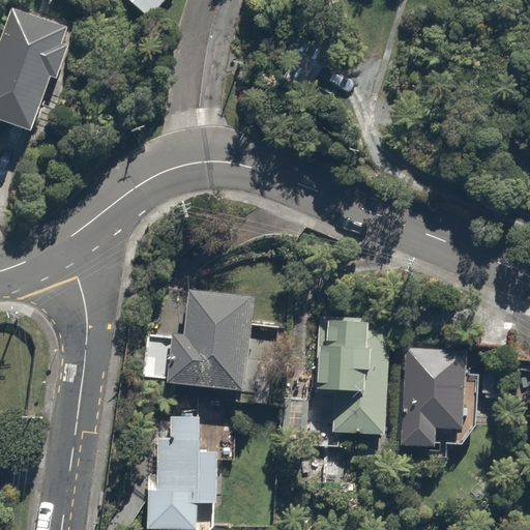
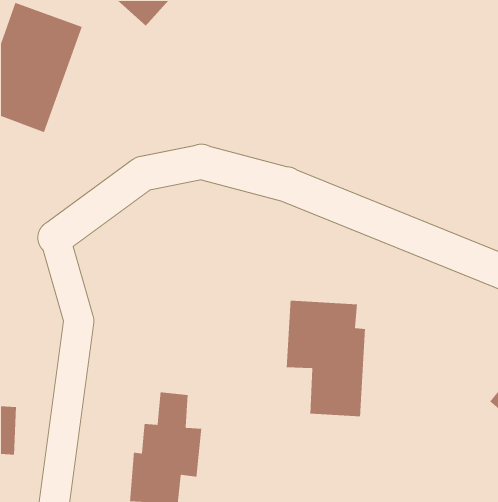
building: [166,289,251,387] -> none
building: [396,348,462,445] -> none

